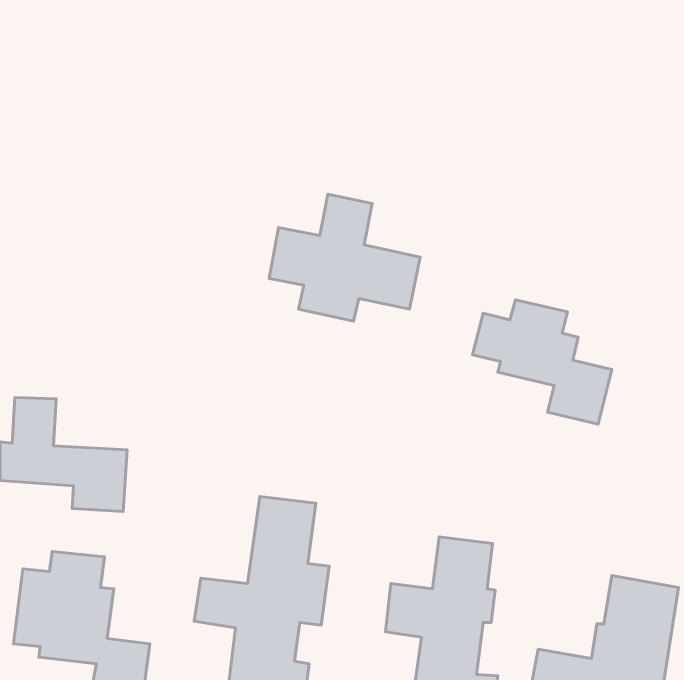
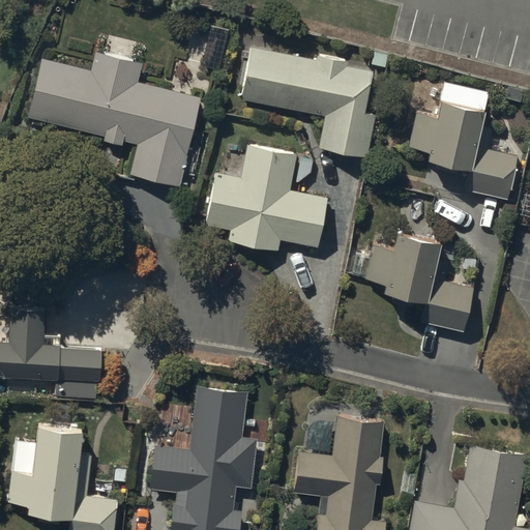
building: none -> [244,53,374,158]
building: none -> [29,56,199,185]
building: none -> [409,104,517,200]

